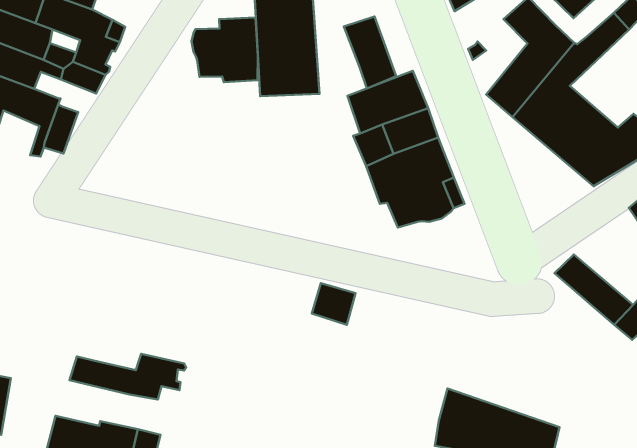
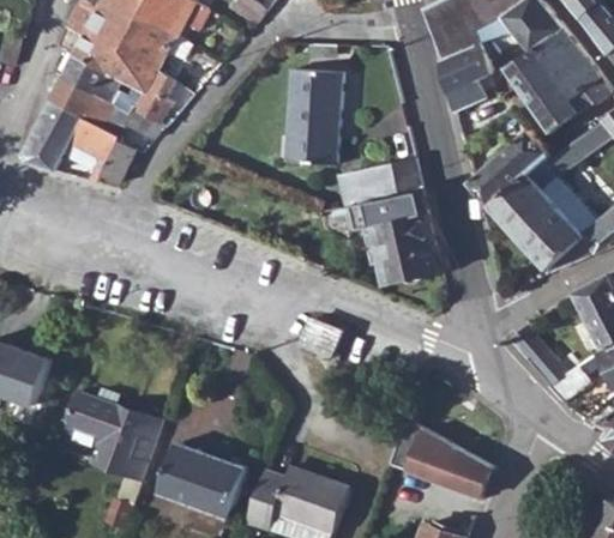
building: [344,16,396,88] -> none
building: [192,17,258,82] -> none
building: [69,354,186,399] -> none

